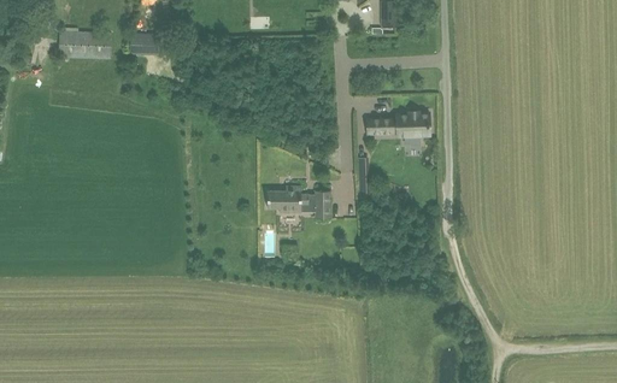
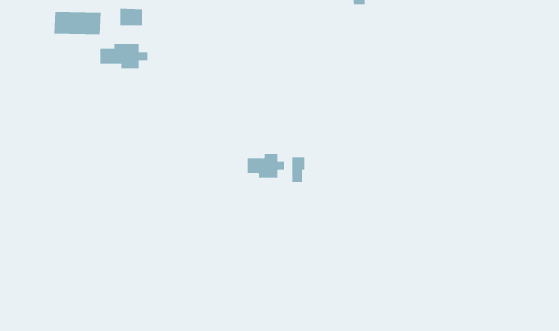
building: none -> [100,43,148,69]
building: [366,112,430,136] -> none

